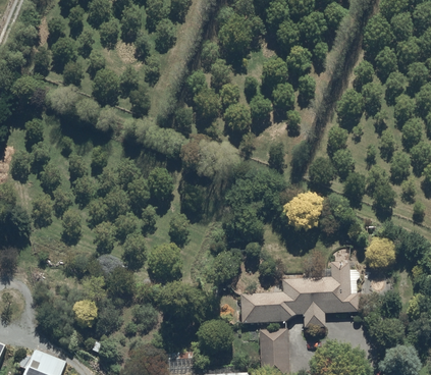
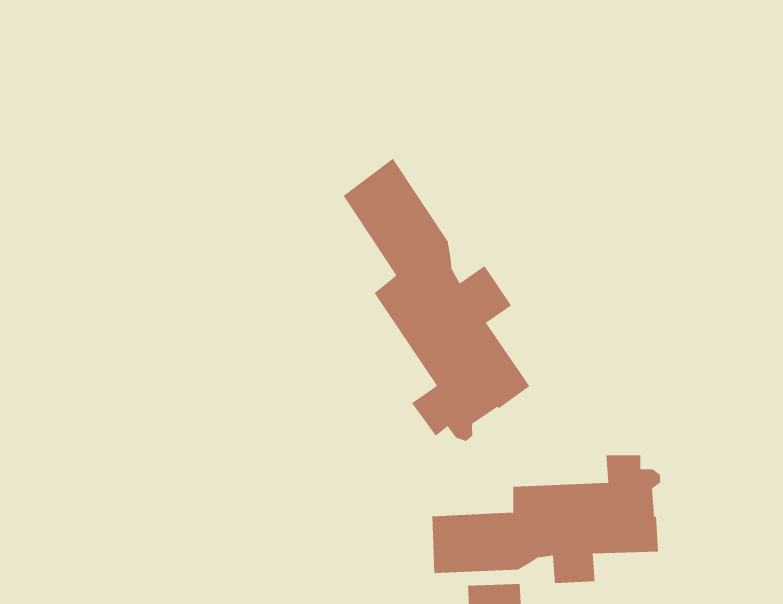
building: none -> [343,158,530,442]

